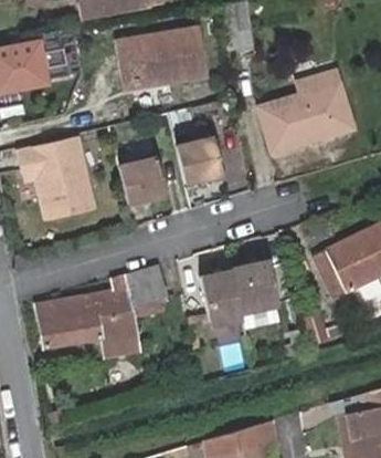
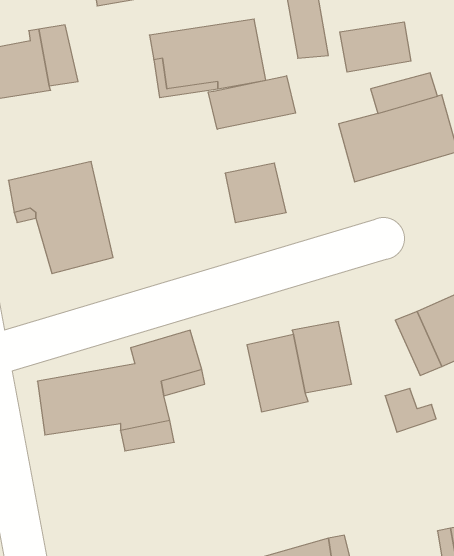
building: none -> [340,22,411,72]
building: none -> [208,76,296,129]
building: [120,158,167,205] -> none

